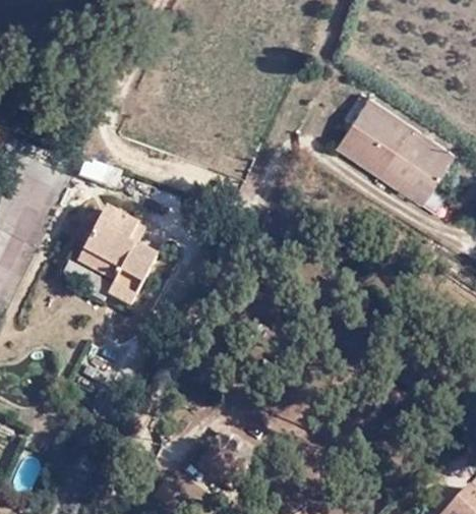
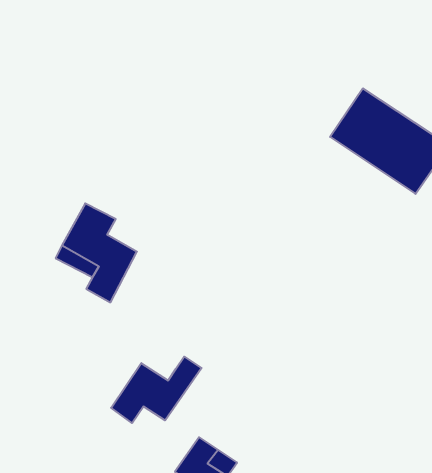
building: none -> [111,357,202,423]

